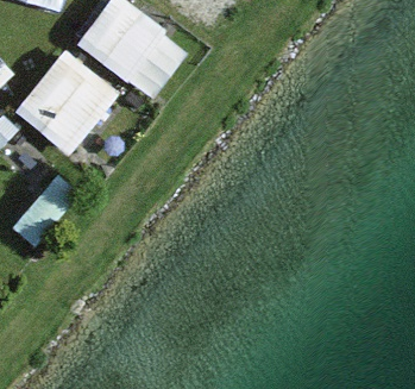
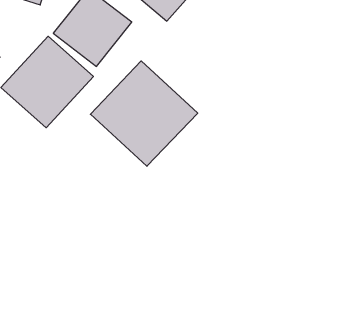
building: none -> [90,61,198,166]

